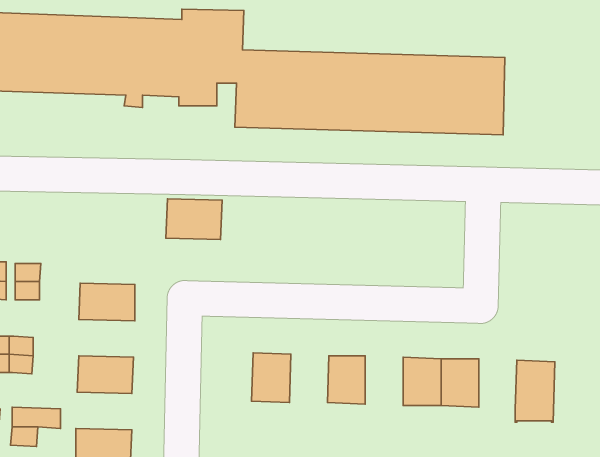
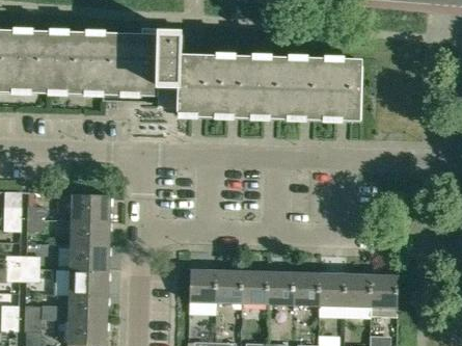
building: [166,199,222,240] -> [72,193,110,221]
building: none -> [71,245,109,271]
building: none -> [215,269,242,302]
building: none -> [267,270,293,304]
building: none -> [345,272,371,307]
building: none -> [69,295,107,321]

